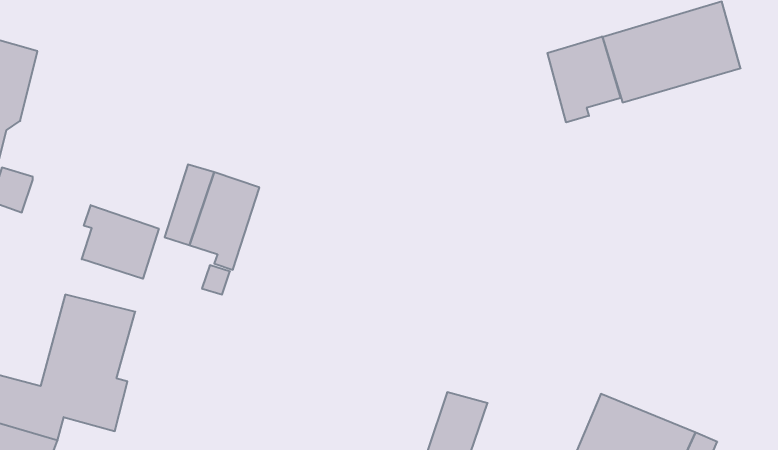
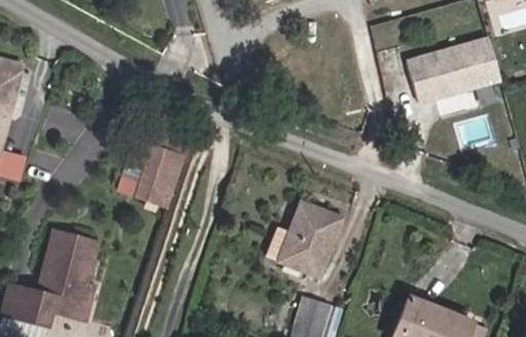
building: [547,36,621,122] -> none
building: [82,205,159,279] -> none
building: none -> [265,201,340,275]

